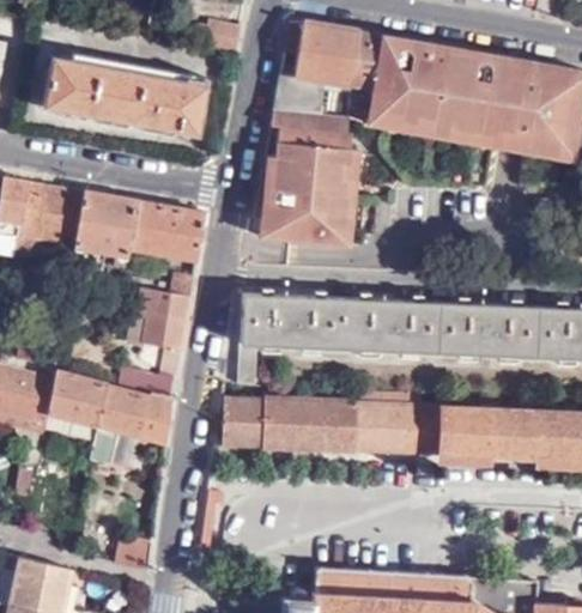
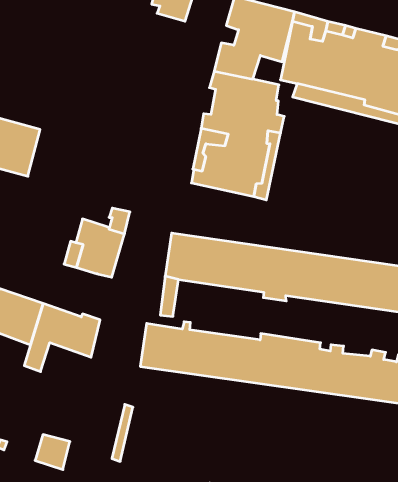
building: [44,61,207,133] -> none
building: [73,192,205,267] -> none
building: [138,347,181,399] -> none

